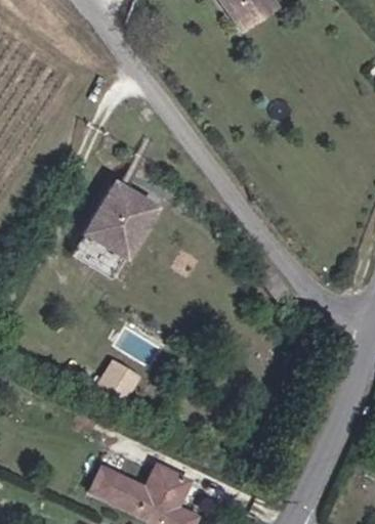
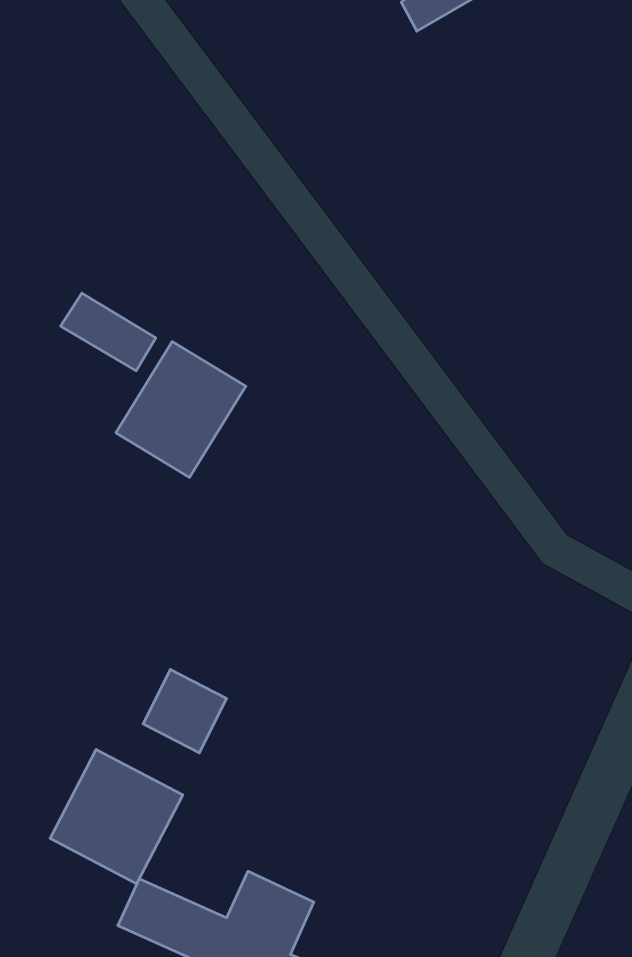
building: [74,230,124,271] -> [61,293,156,371]
building: none -> [50,749,183,884]

